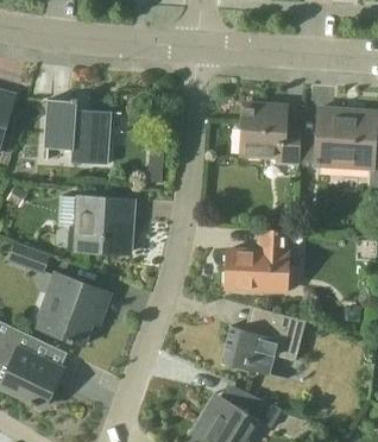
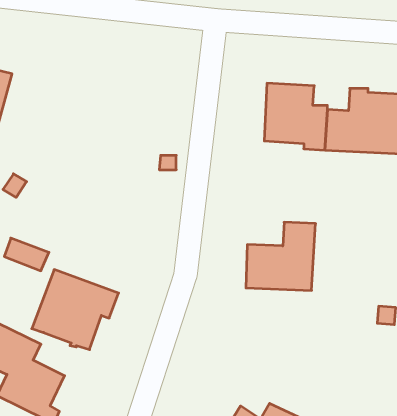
building: [45,100,112,165] -> none
building: [68,195,134,255] -> none
building: [223,309,305,374] -> none

